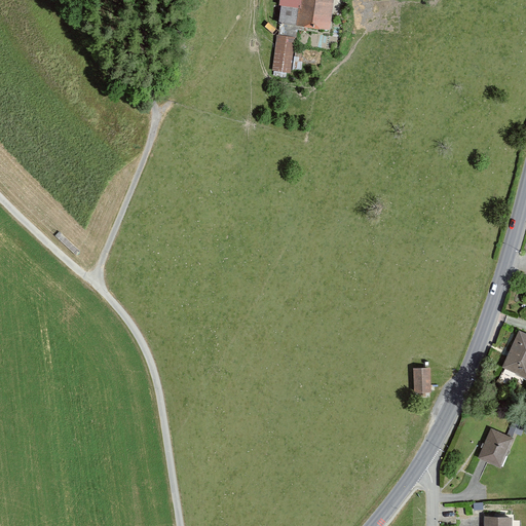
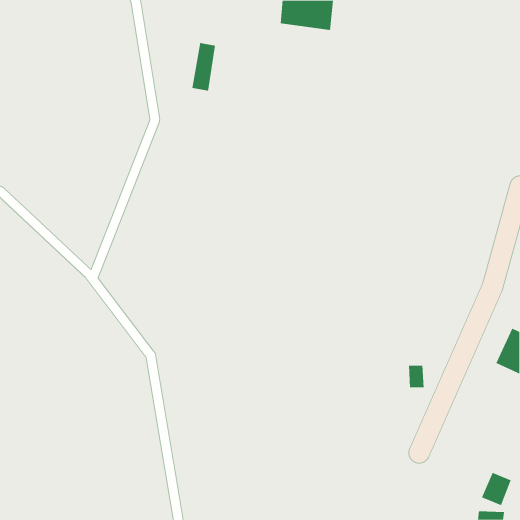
building: [275,26,300,75] -> [191,42,216,91]
building: [478,430,509,464] -> [481,472,512,506]

